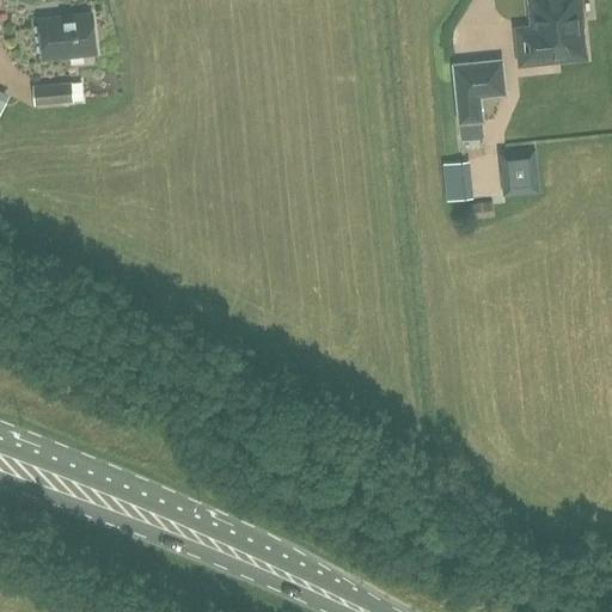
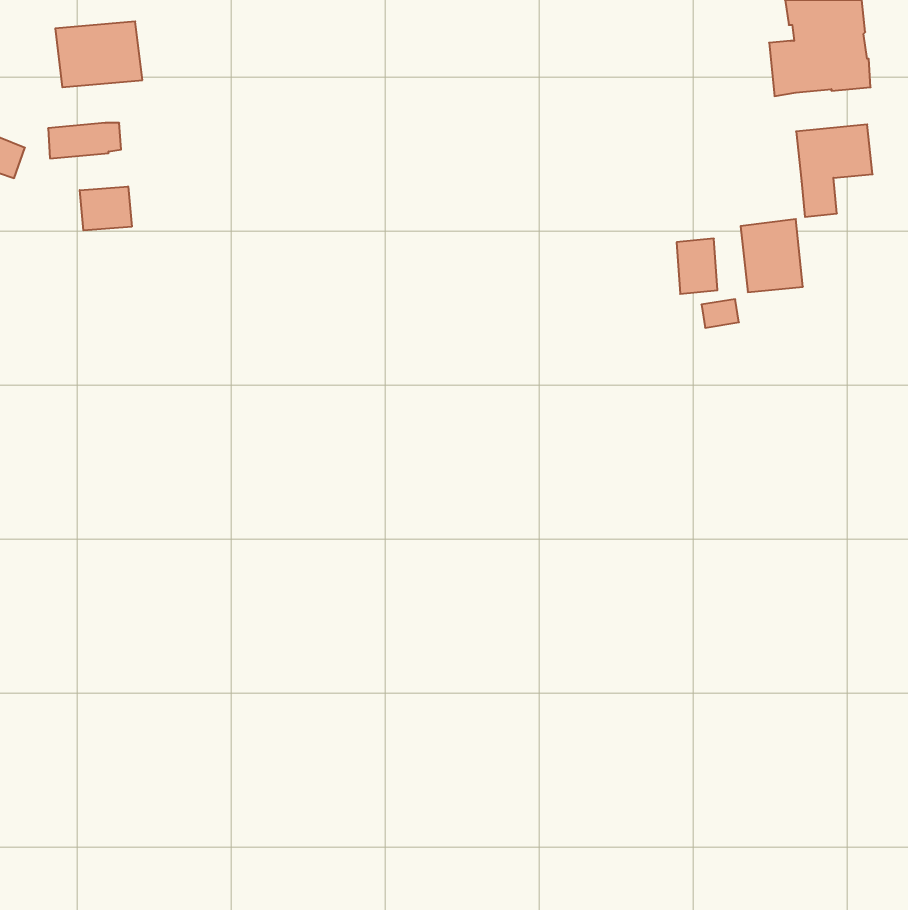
building: [453,61,504,123] -> [796,124,873,217]
building: none -> [80,186,132,230]

